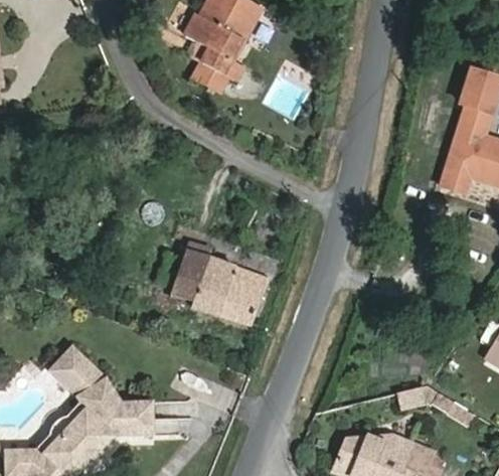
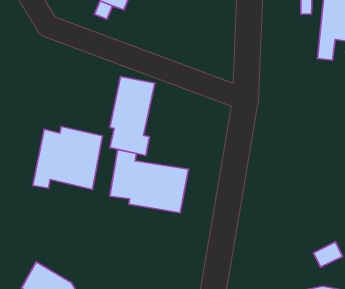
building: none -> [110,77,155,155]
building: none -> [33,127,103,190]

